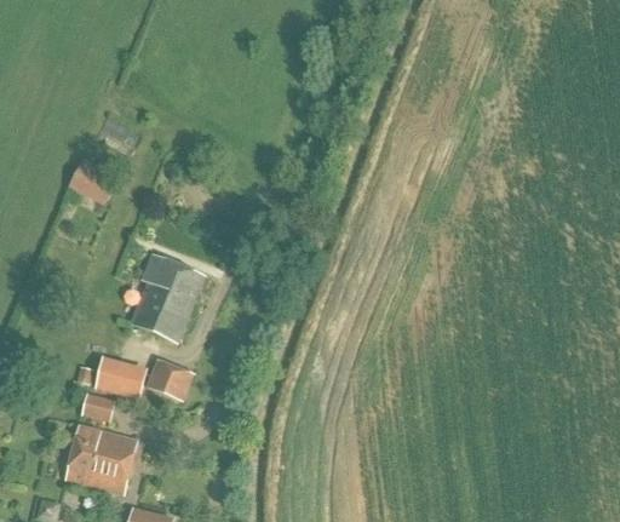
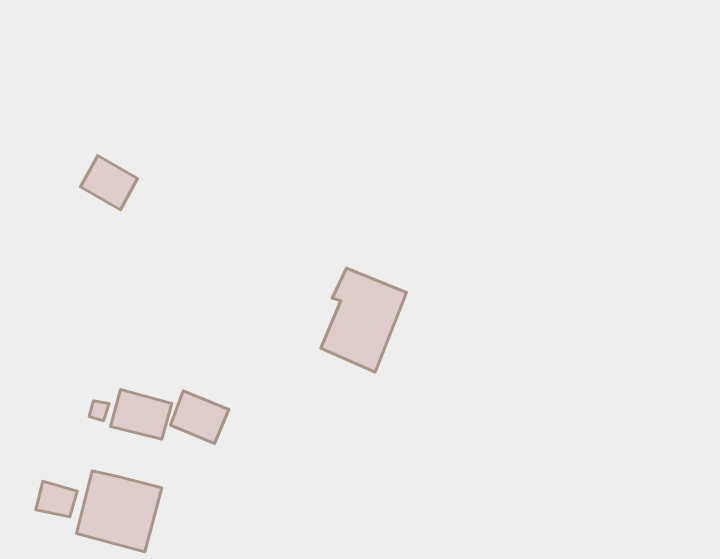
building: [131,254,203,343] -> [321,268,406,372]
building: [80,391,115,421] -> [36,481,77,517]

